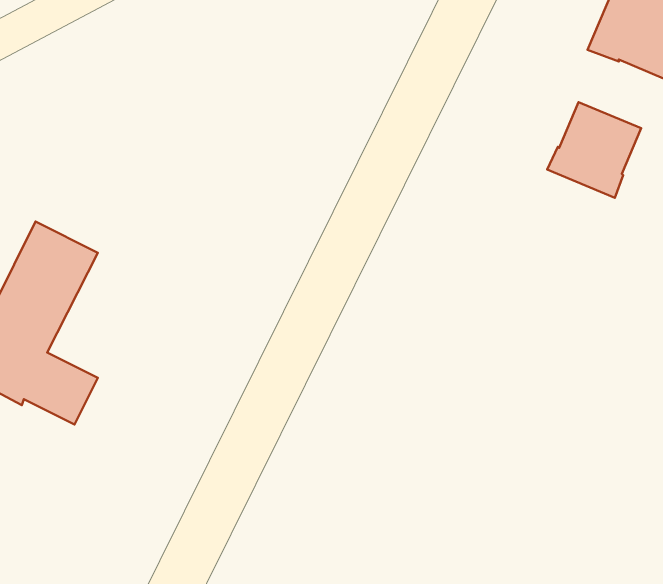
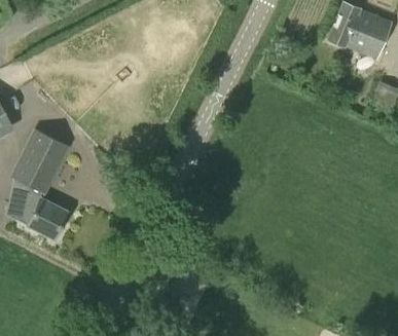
building: [547,102,641,198] -> none

